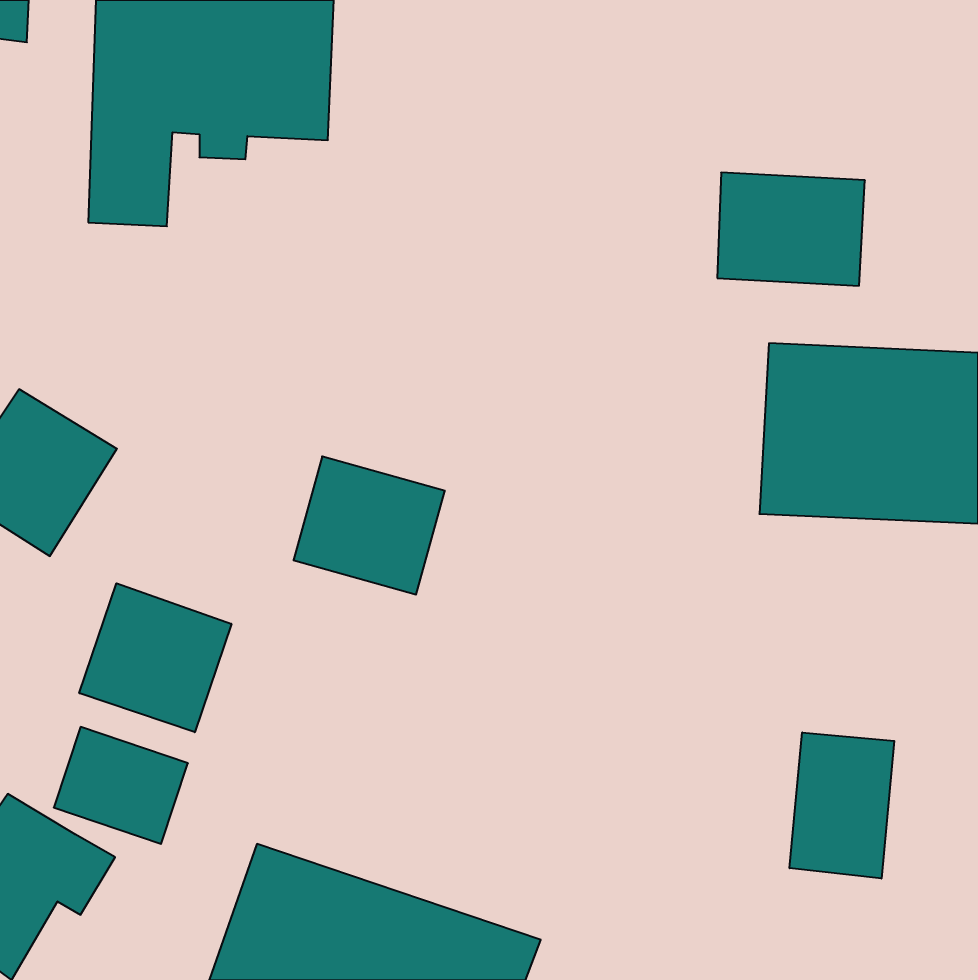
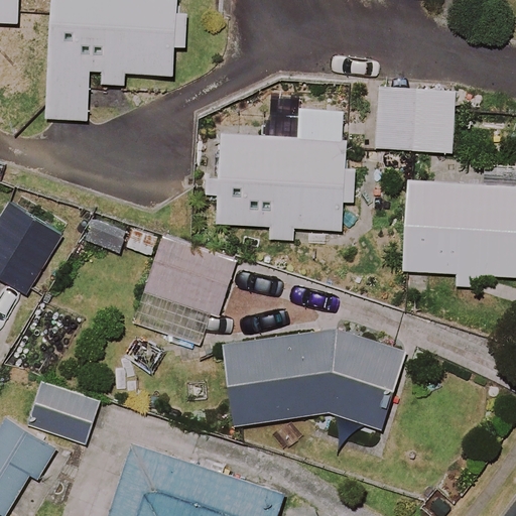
building: none -> [187,110,356,243]
building: [79,583,231,732] -> none
building: none -> [222,333,404,430]
building: [790,732,894,879] -> none

